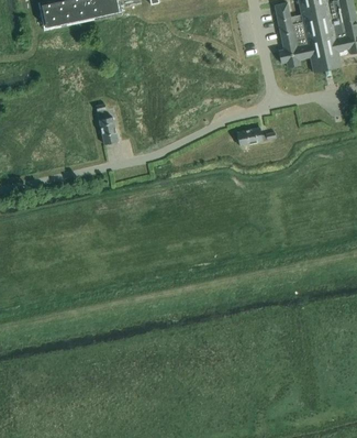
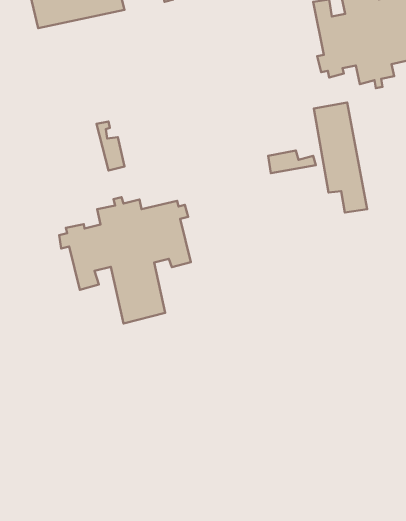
building: none -> [314,103,367,212]
building: none -> [59,197,191,323]

